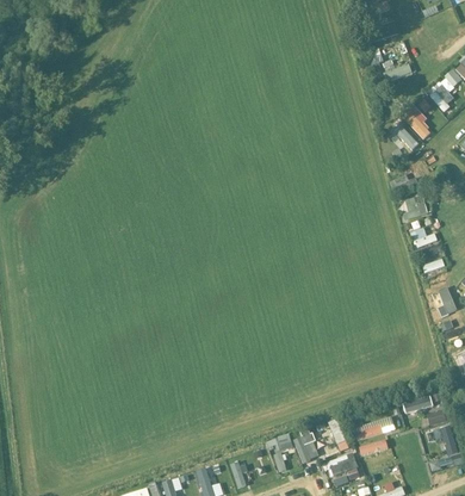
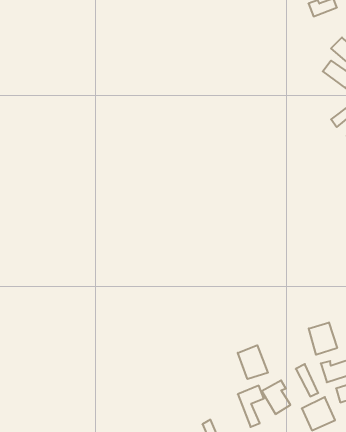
building: none -> [309,322,337,355]
building: none -> [238,345,268,379]

